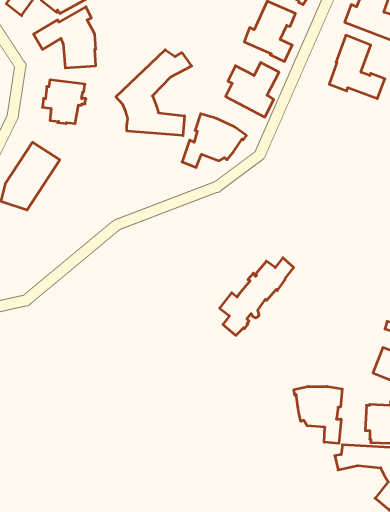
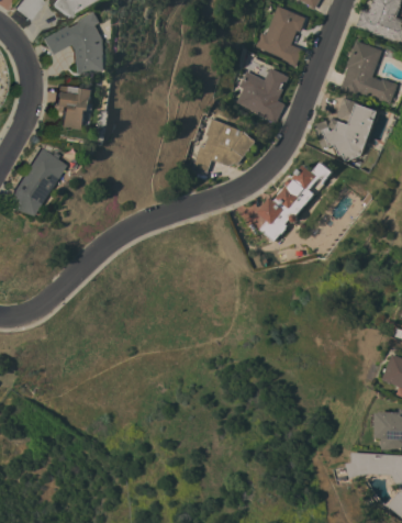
building: [116,50,192,136] -> none
building: none -> [314,97,380,160]
building: [220,258,294,335] -> [258,162,333,240]
building: [294,386,342,443] -> none

